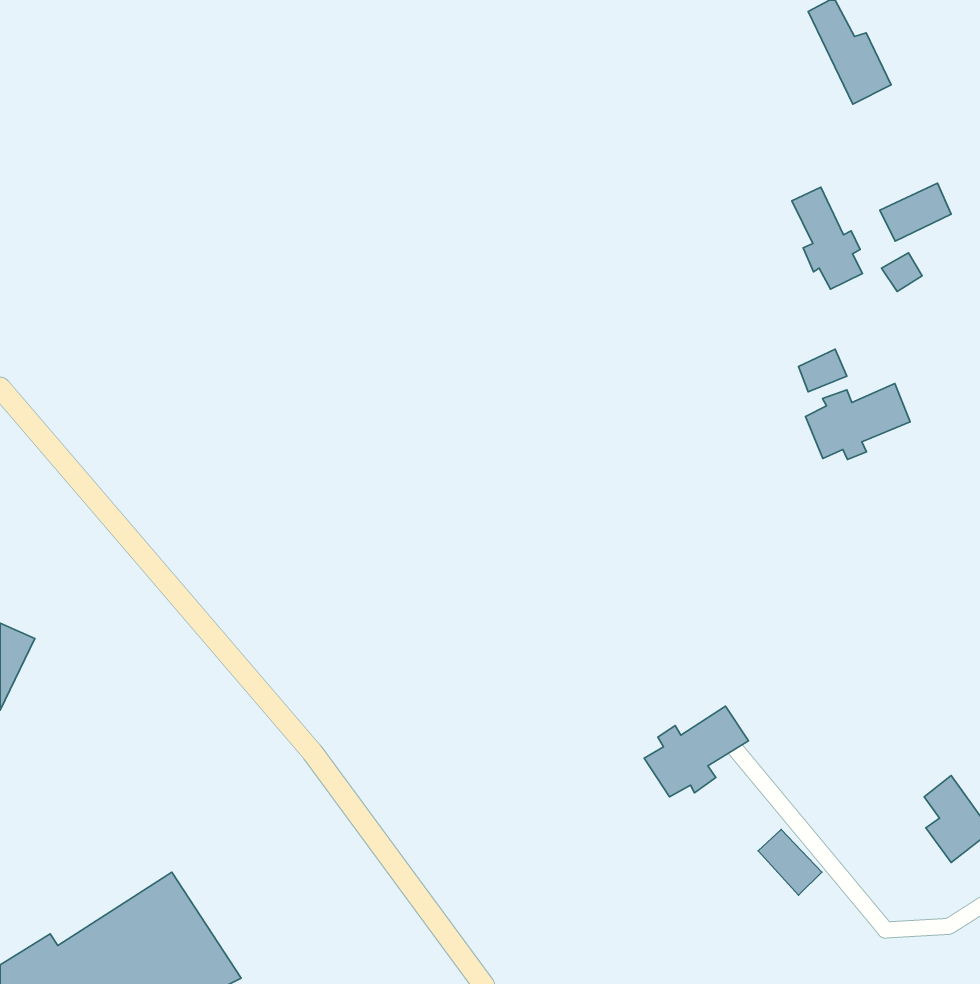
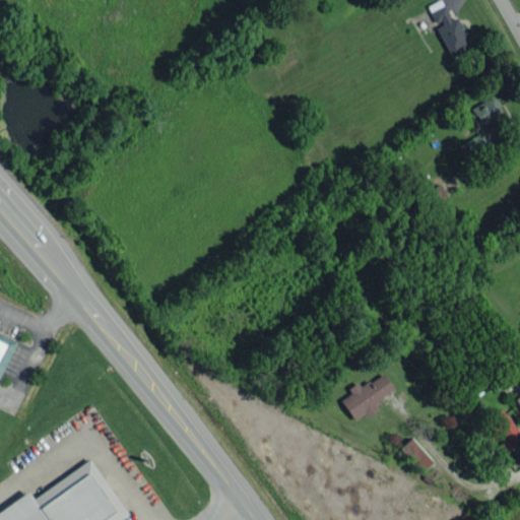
building: [792,187,863,289] -> none
building: [805,384,910,460] -> none

